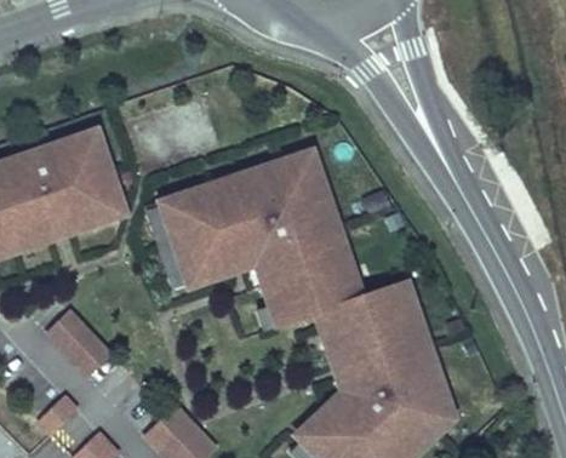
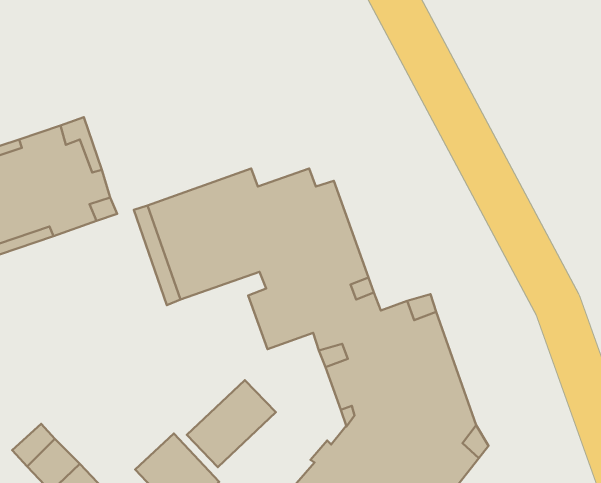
building: [248,150,321,188] -> none
building: [50,310,114,374] -> none
building: none -> [187,380,276,467]

